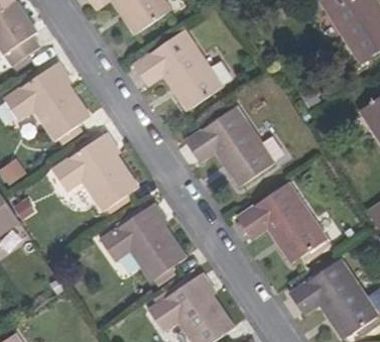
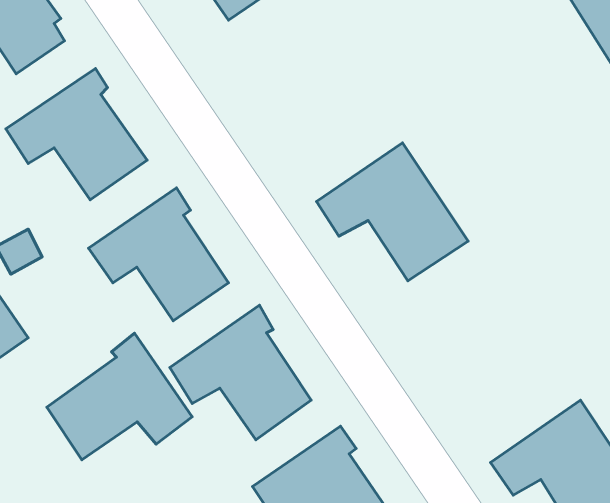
building: [134,30,223,110] -> none
building: [238,184,327,262] -> none
building: none -> [47,333,192,460]

